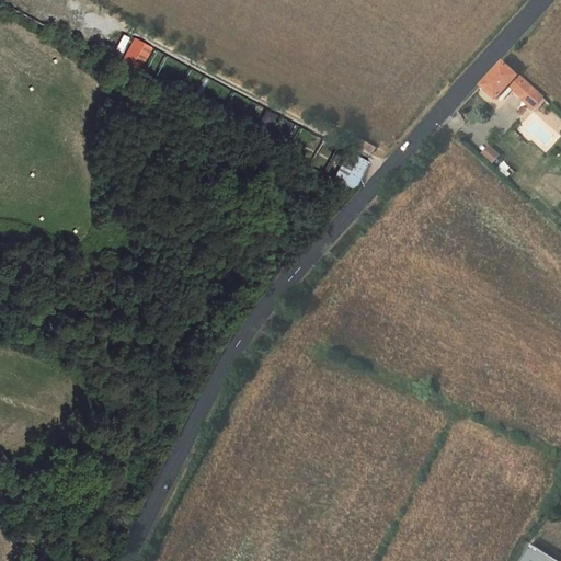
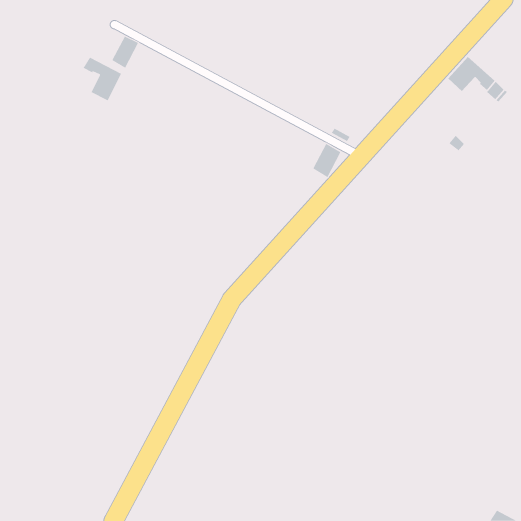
building: none -> [83,57,122,101]

